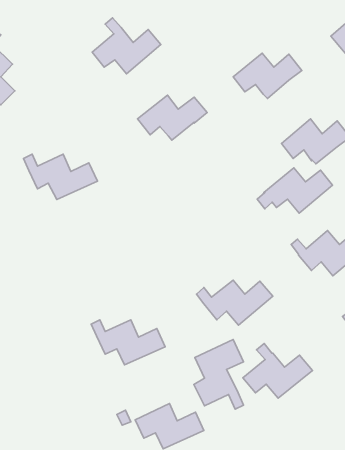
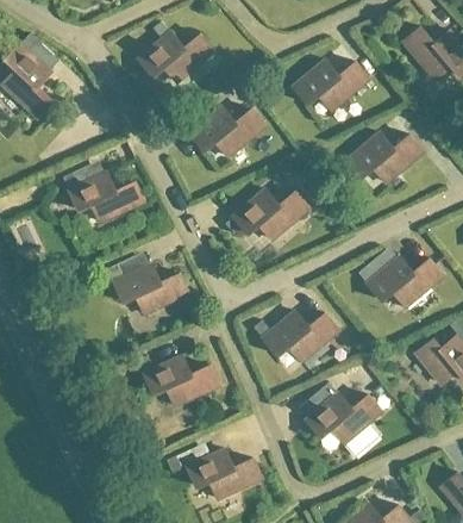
building: [257,168,332,213] -> [225,188,308,238]
building: none -> [107,263,188,313]
building: [194,340,243,409] -> none

